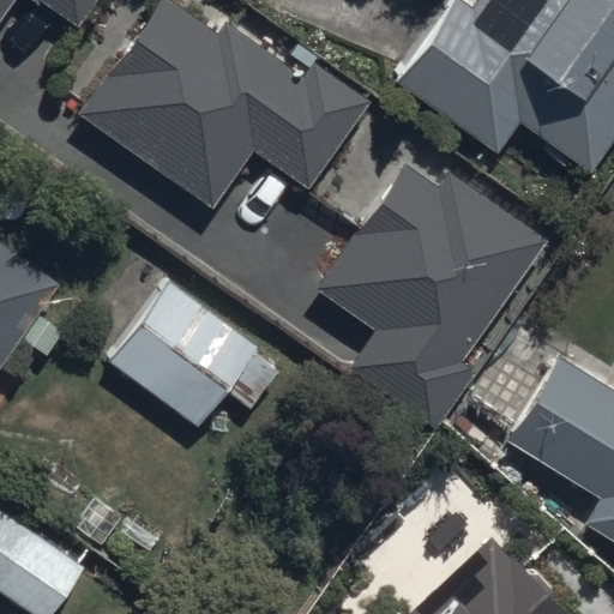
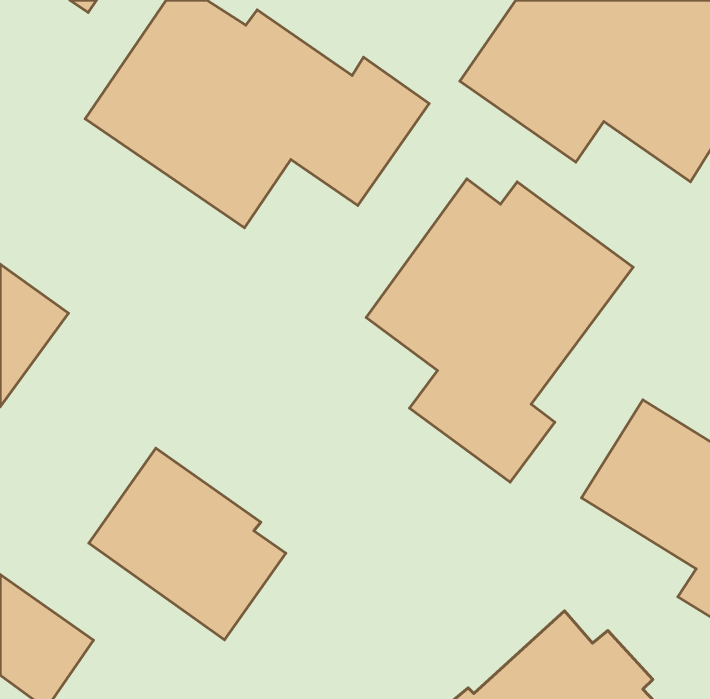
building: [109,283,278,447] -> [89,448,286,640]

